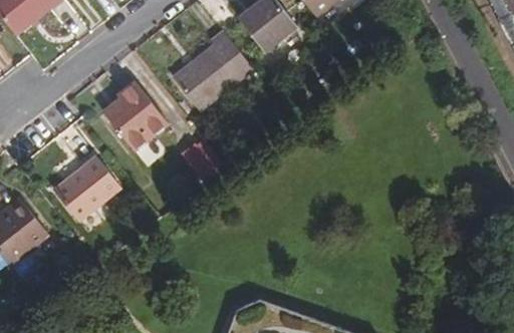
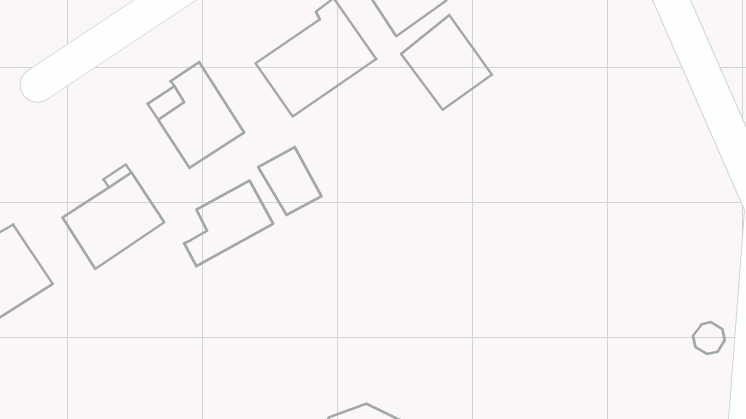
building: none -> [401,15,492,110]
building: none -> [184,181,273,266]

